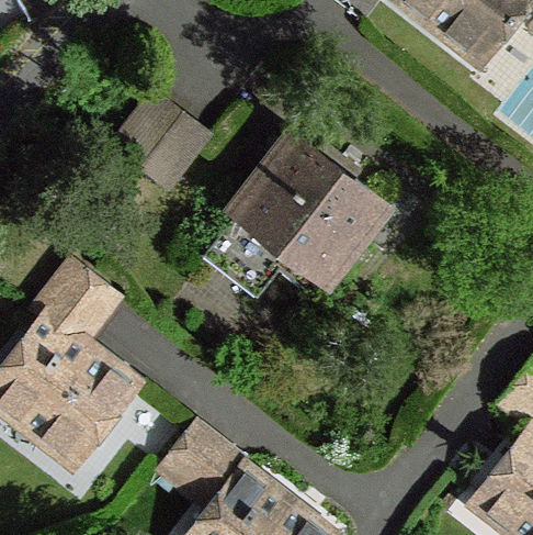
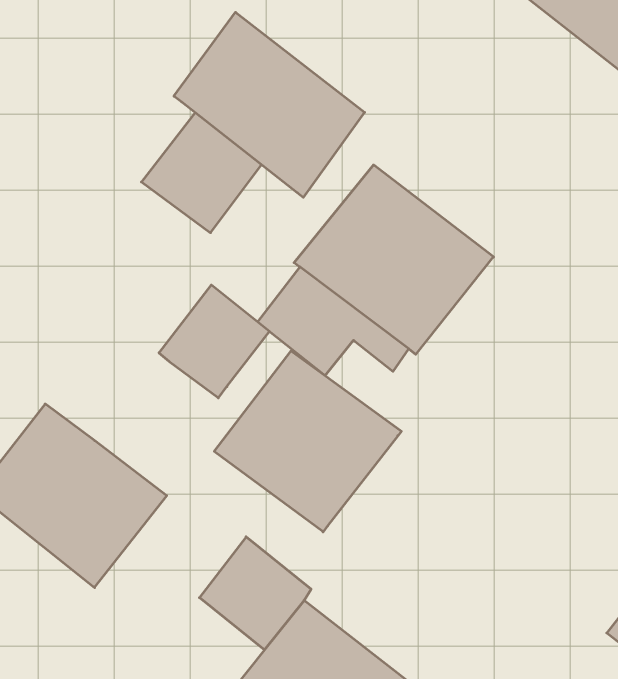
building: none -> [174,12,365,197]
building: [34,260,120,348] -> [159,285,269,398]
building: none -> [214,351,401,532]

